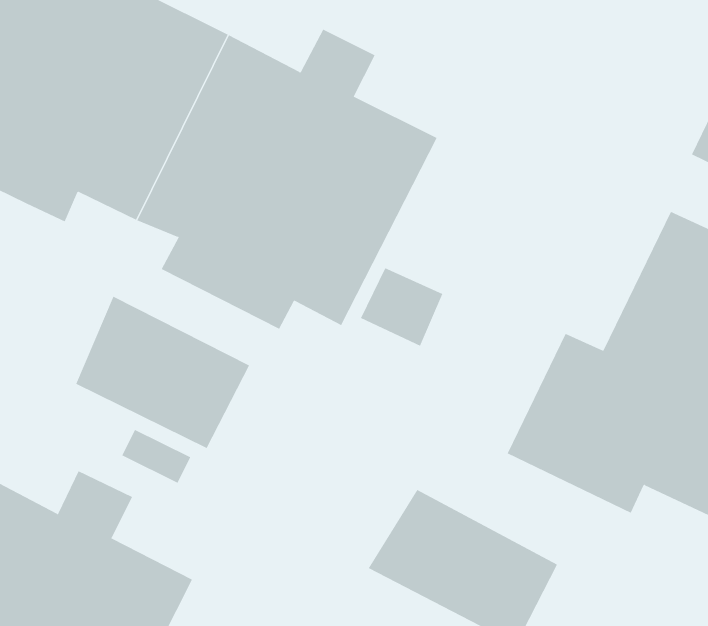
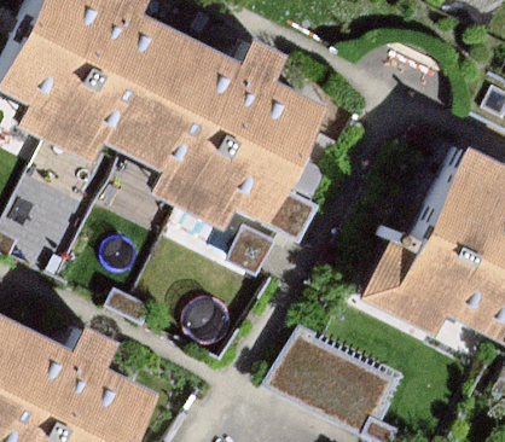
building: [76,296,250,449] -> none

